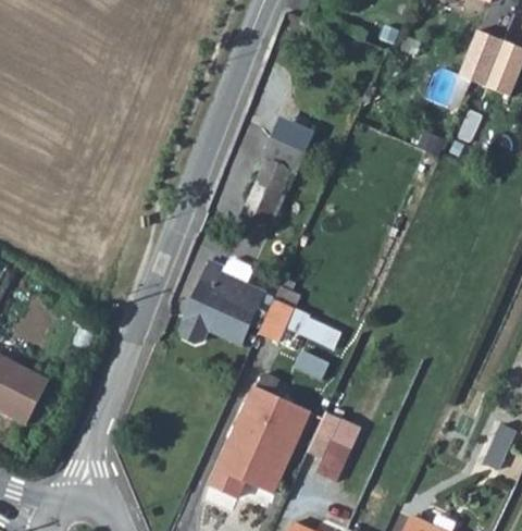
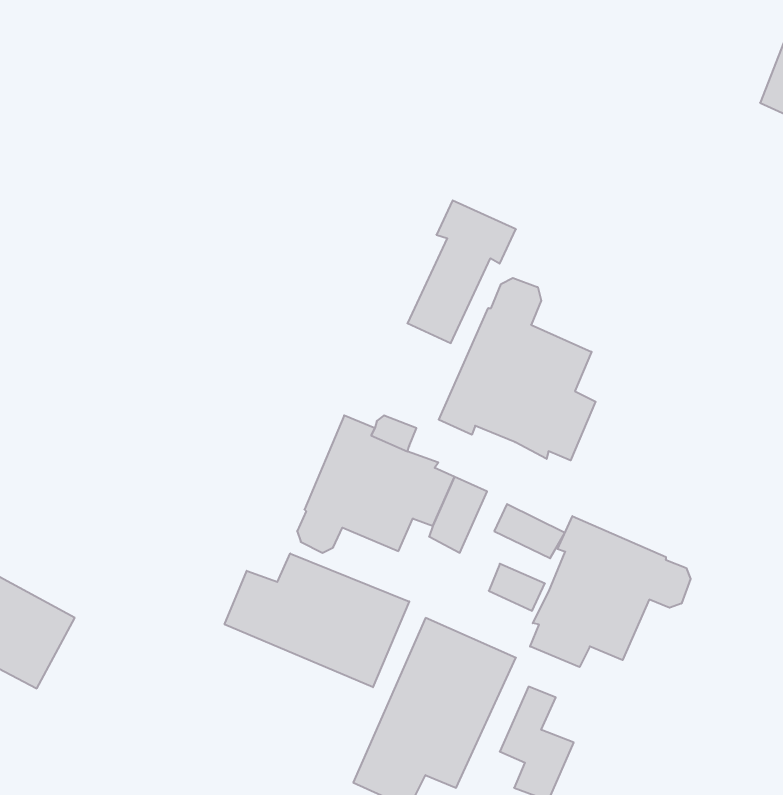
building: none -> [439,278,596,460]
building: none -> [530,516,691,667]
building: none -> [225,553,409,687]

